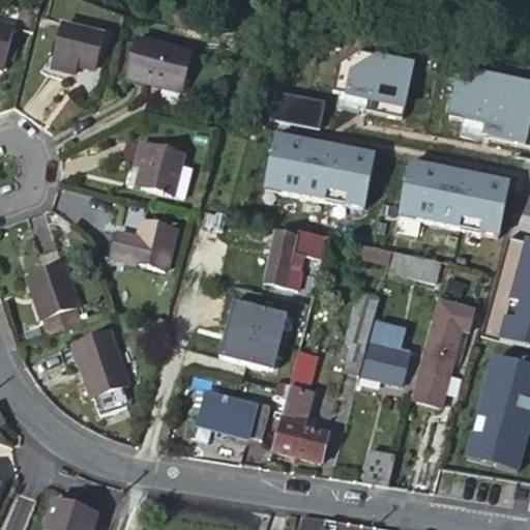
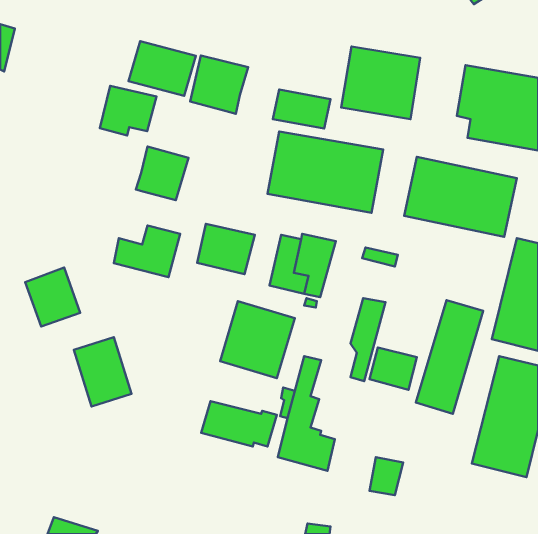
building: [50,25,106,73] -> [100,86,157,135]
building: none -> [190,55,248,114]
building: none -> [197,224,255,274]
building: [389,253,440,283] -> none

